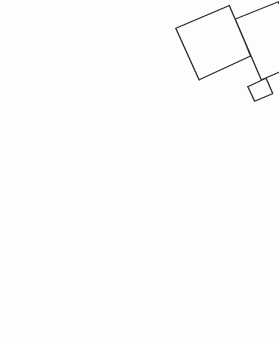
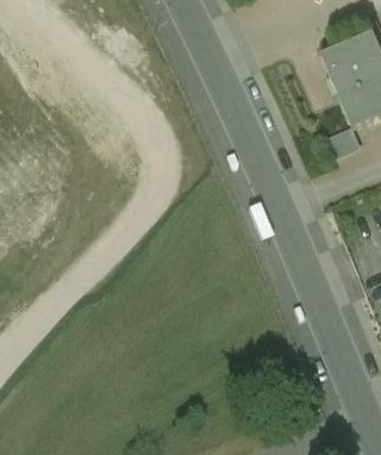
building: [176,5,251,80] -> none

